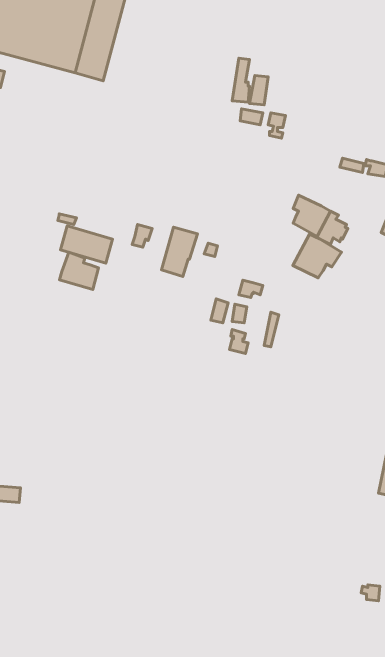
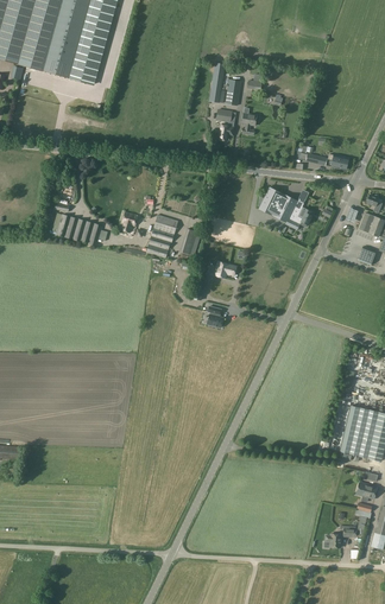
building: [293,234,342,278] -> none
building: [60,252,98,290] -> none

